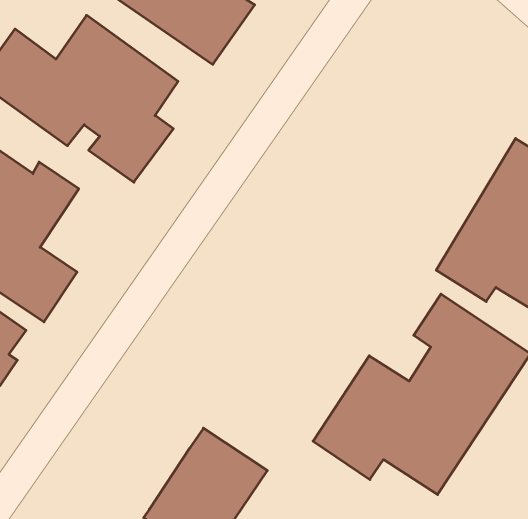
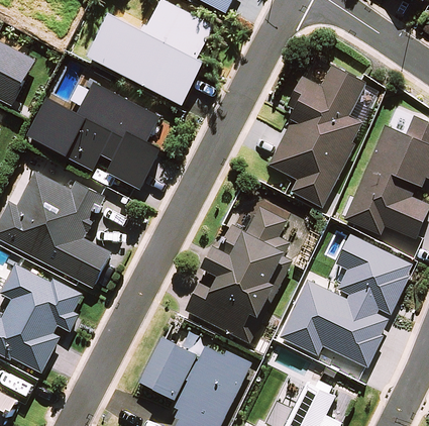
building: none -> [269,67,362,207]
building: none -> [184,200,290,343]
building: none -> [139,333,198,400]

